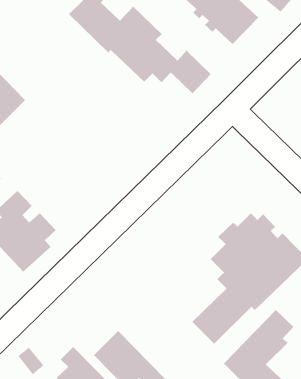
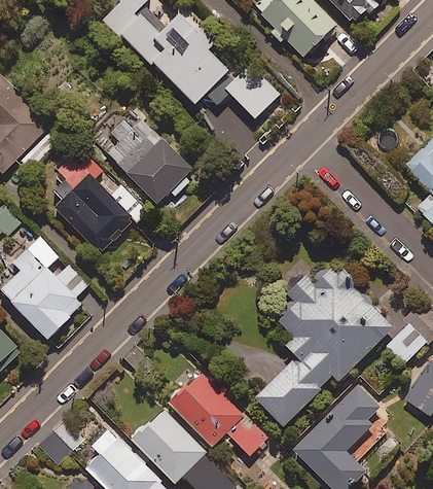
building: none -> [107,120,191,204]
building: none -> [55,156,146,256]
building: none -> [171,373,267,455]

